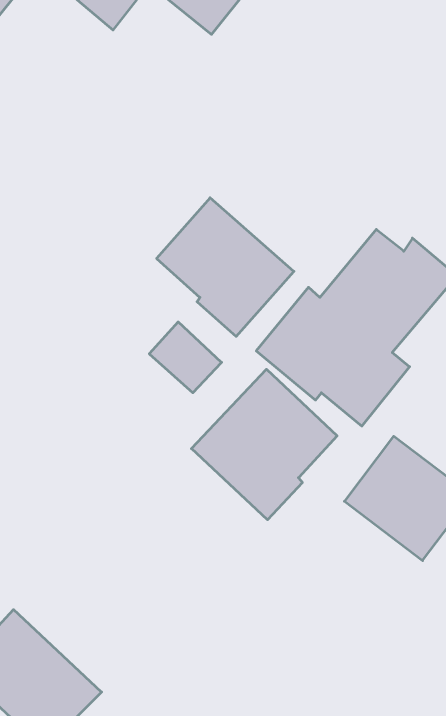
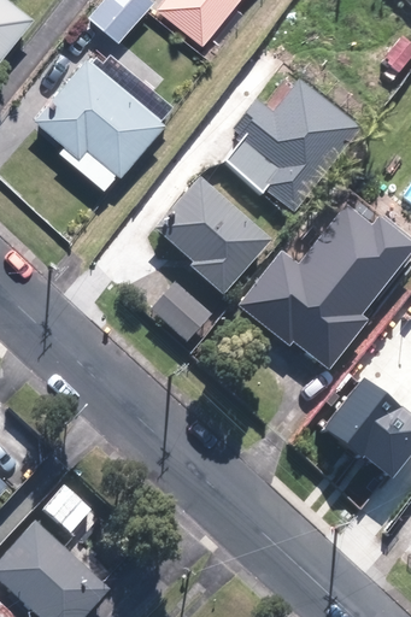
building: none -> [36,53,169,174]
building: none -> [225,78,357,211]
building: [191,369,337,520] -> none

